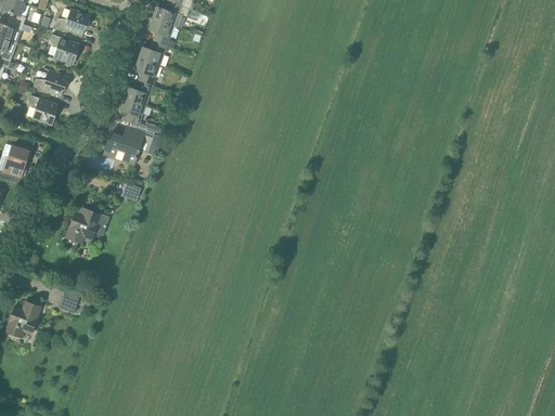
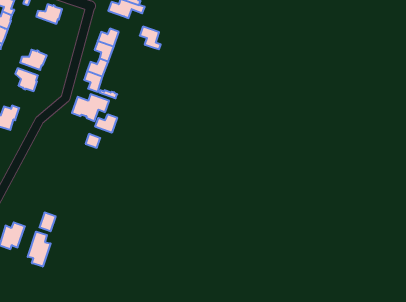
building: [146,17,175,48] -> [140,27,161,49]
building: [48,34,78,64] -> none
building: none -> [95,114,117,133]
building: [64,207,108,242] -> none
building: none -> [28,232,51,267]

